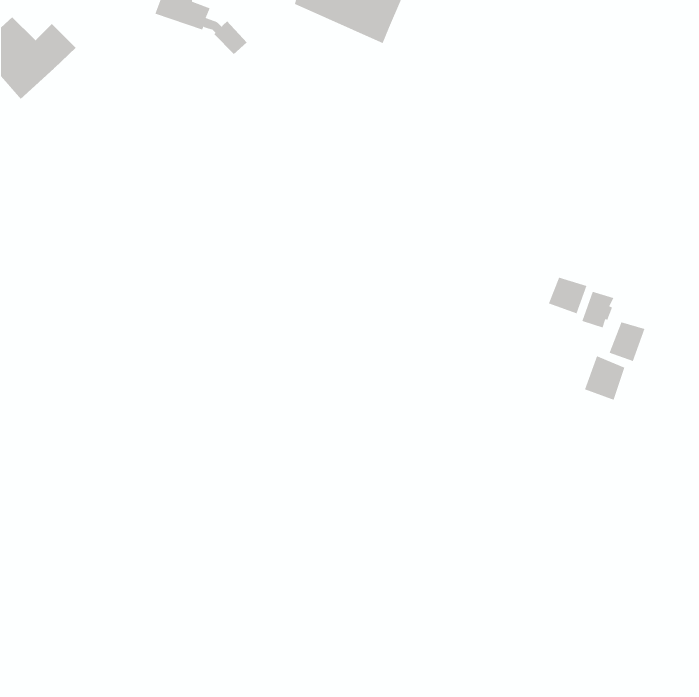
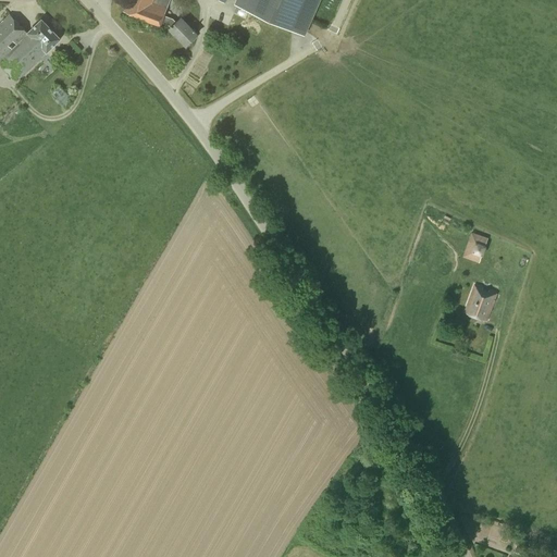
building: [548,277,587,314] -> none
building: [609,322,645,362] -> none

